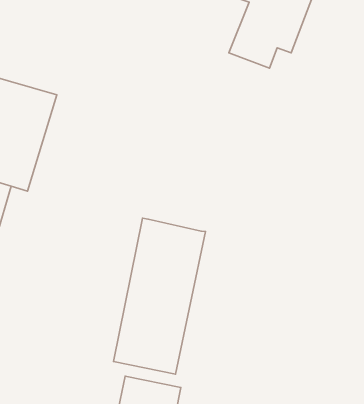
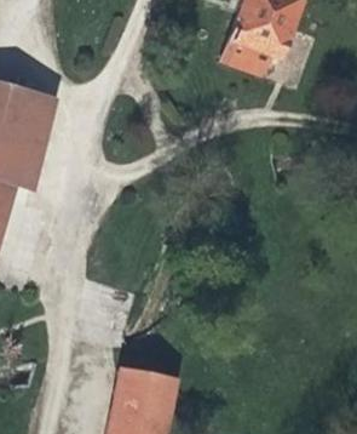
building: [114,218,206,374] -> none

